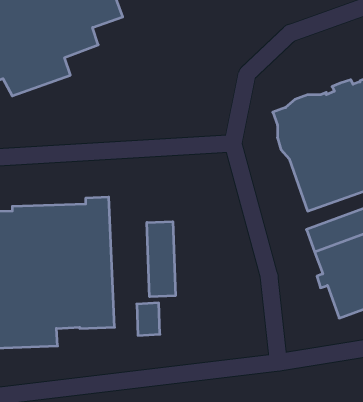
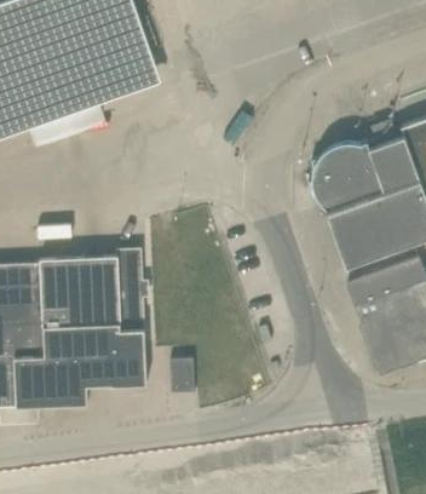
building: [147,222,175,297] -> none

